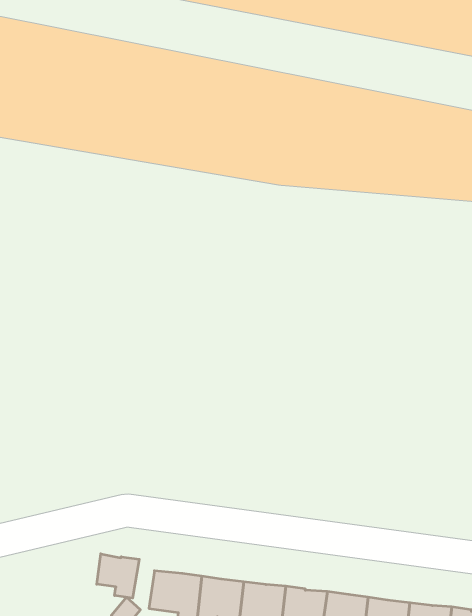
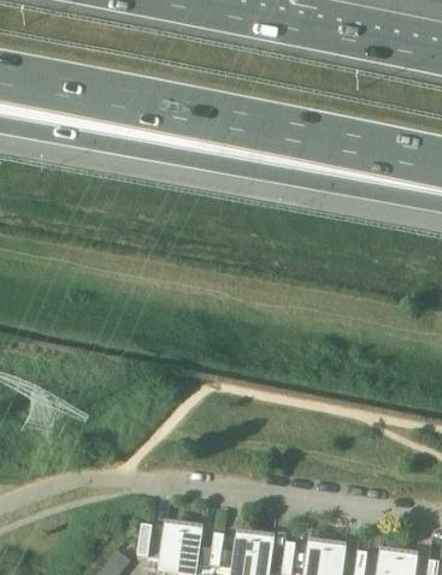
building: [97,554,139,598] -> none

